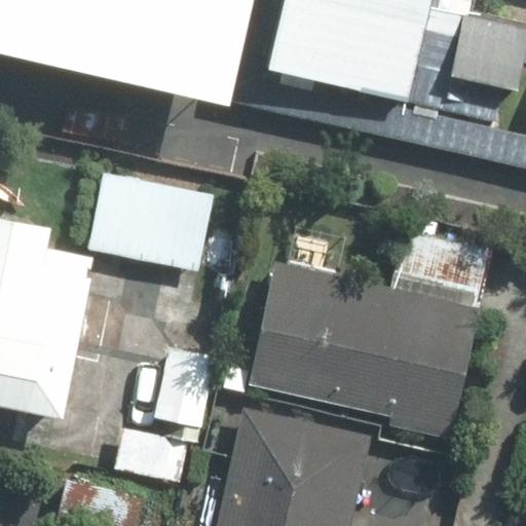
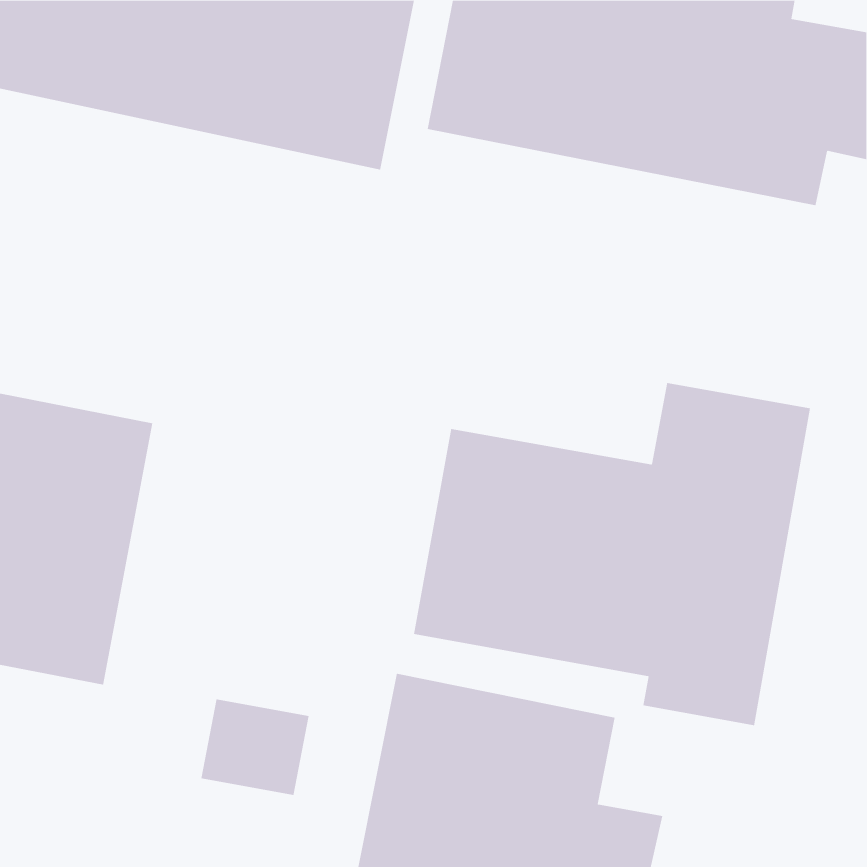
building: [88,175,212,269] -> none

